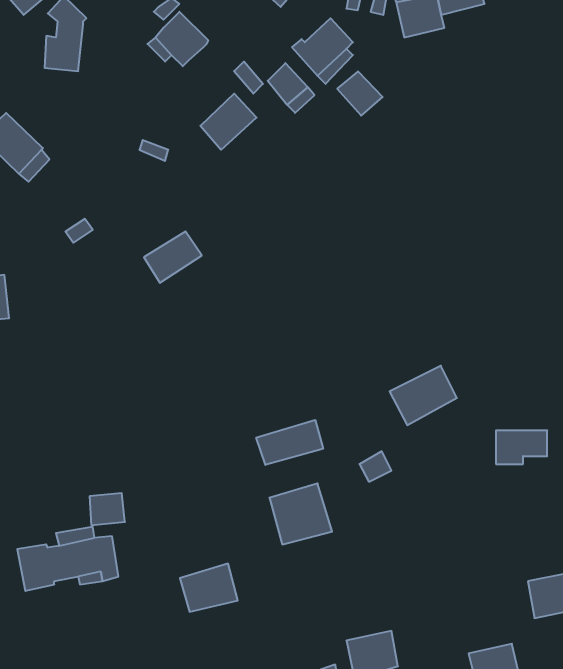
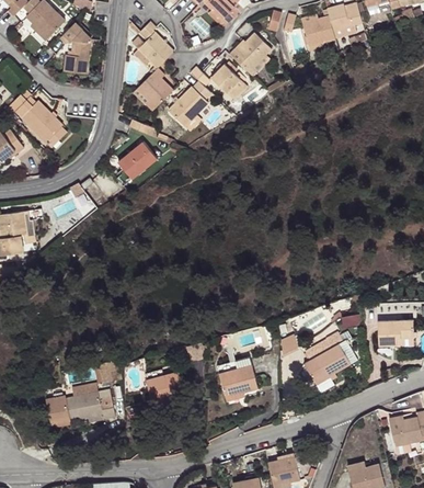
building: none -> [138,68,172,111]
building: [337,71,383,116] -> none
building: [144,232,202,283] -> [114,140,153,175]
building: [390,366,457,425] -> [303,342,349,383]
building: [256,420,323,465] -> none
building: [180,564,238,612] -> [145,373,184,406]

